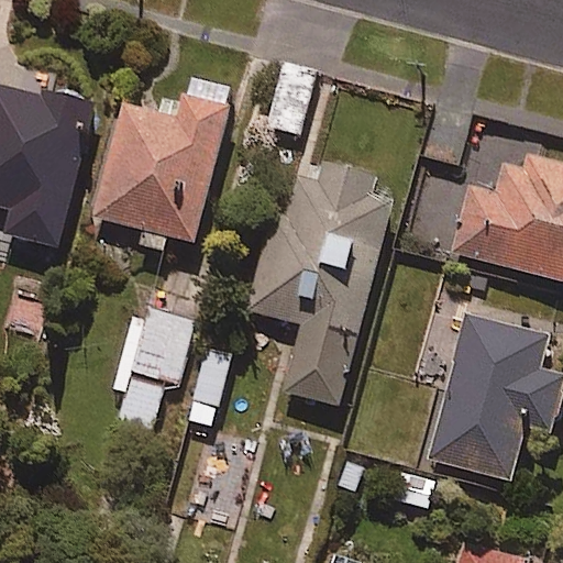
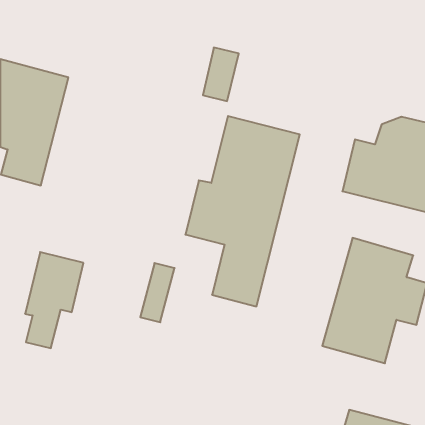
building: [91,89,230,243] -> none
building: [115,308,192,434] -> [25,252,83,348]

